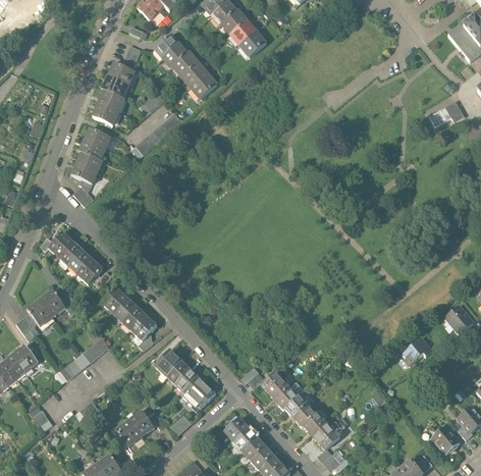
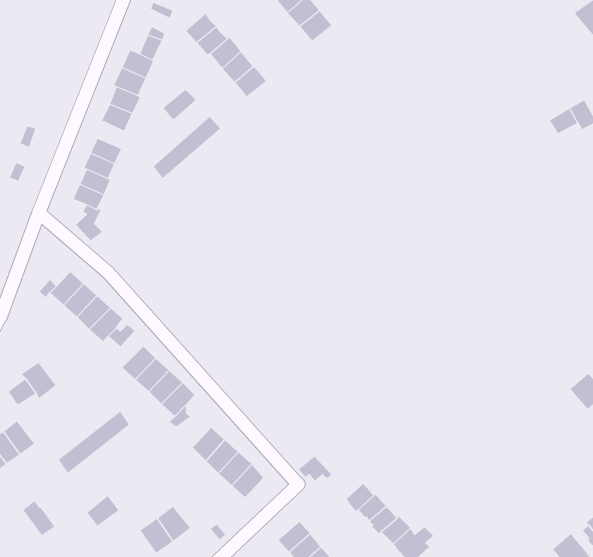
building: [45,287,71,315] -> none
building: [400,338,431,366] -> none
building: [261,372,288,401] -> none

